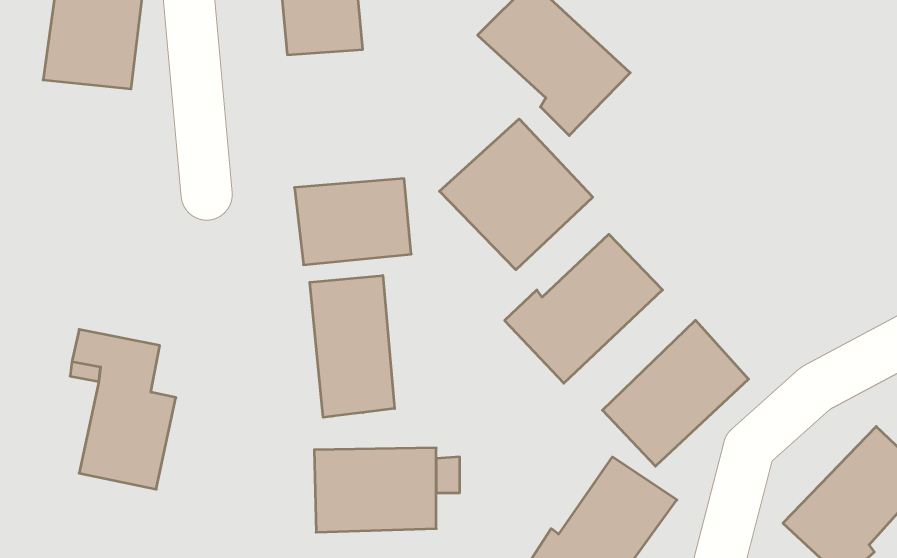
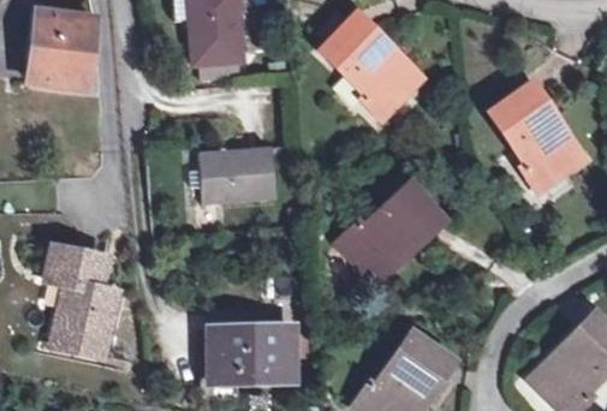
building: none -> [493,82,587,190]
building: [439,119,593,270] -> none
building: [310,275,395,417] -> none
building: [602,320,749,466] -> none

